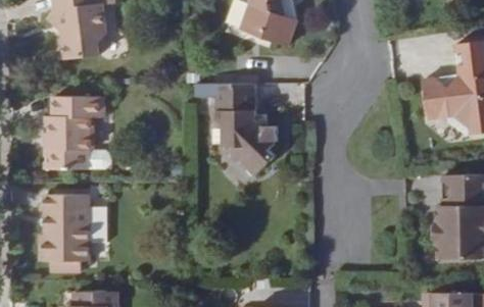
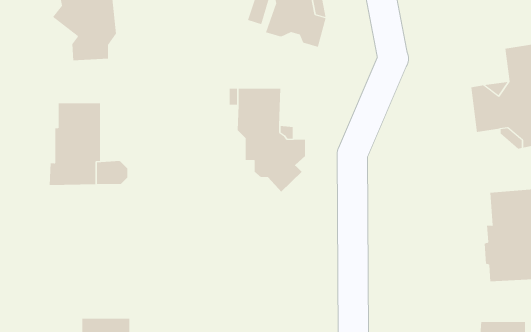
building: [40,196,90,261] -> none

